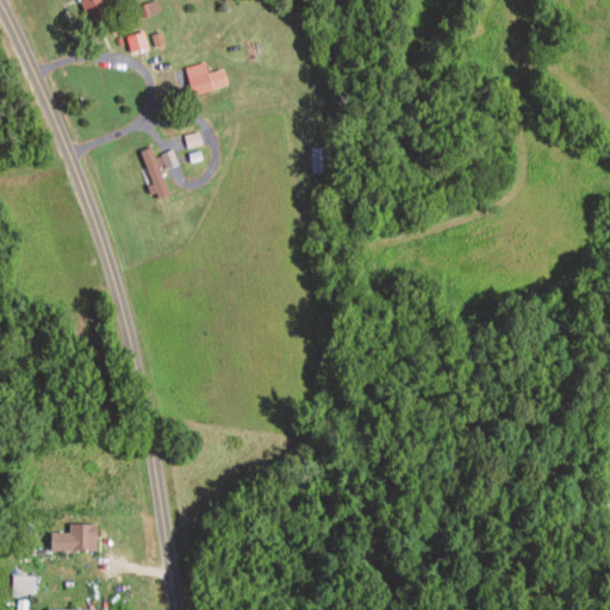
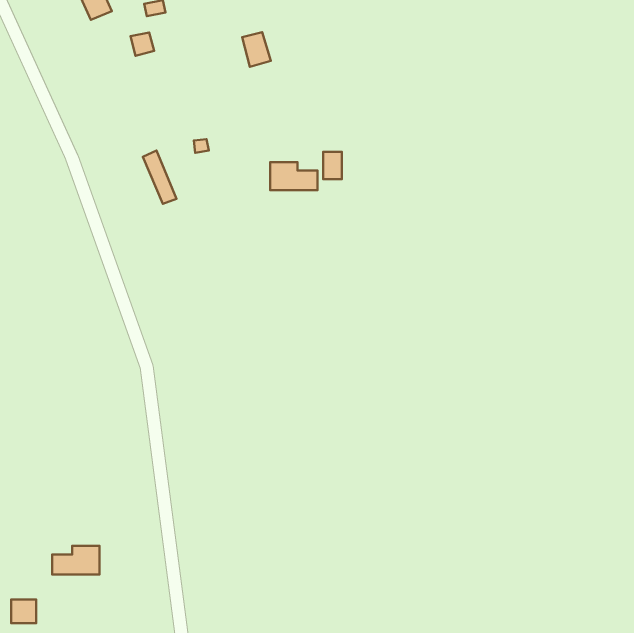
building: [186,61,213,94] -> [242,32,271,67]
building: none -> [270,162,318,190]

